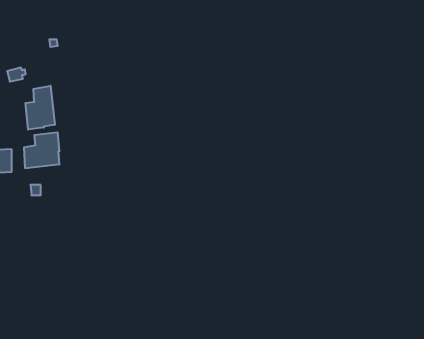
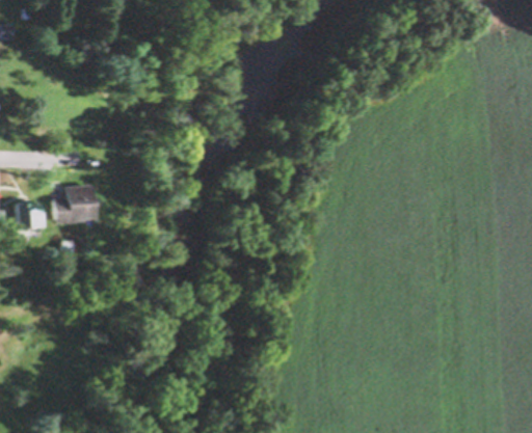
building: [26,86,55,130] -> none

